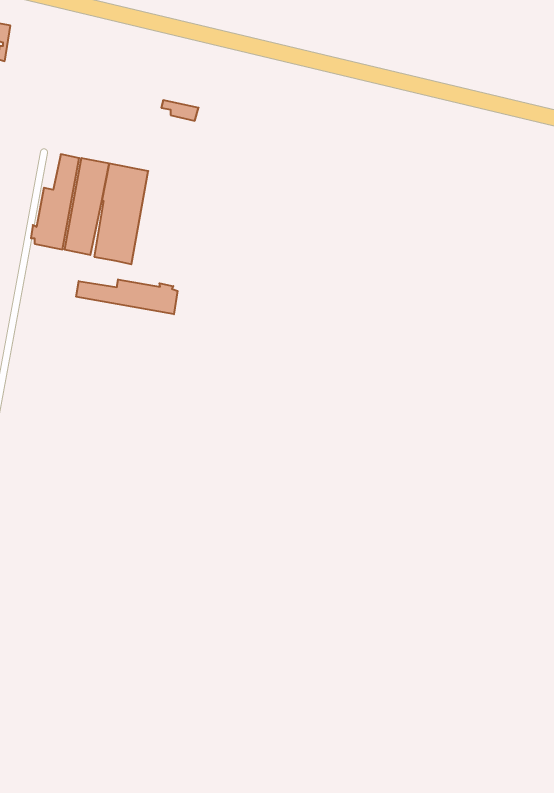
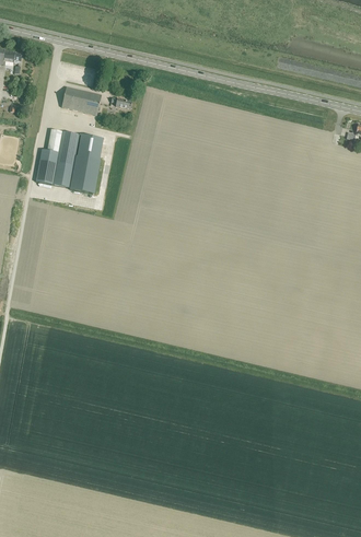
building: none -> [61,86,102,115]
building: [76,279,178,314] -> none

